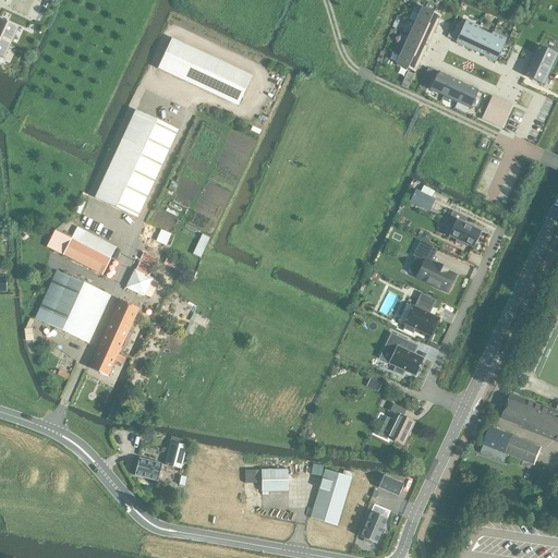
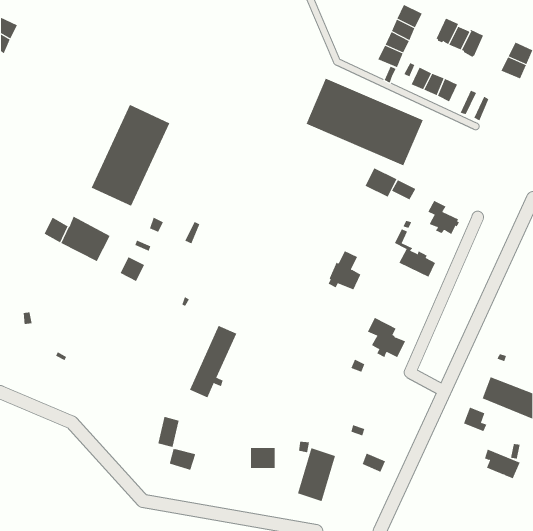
building: [157,37,252,105] -> none
building: none -> [306,78,423,166]
building: none -> [365,167,397,198]
building: [35,269,110,341] -> none
building: [403,292,438,333] -> [328,250,361,290]
building: [88,298,138,374] -> [189,325,237,398]
building: [386,402,414,442] -> none
building: [504,432,542,463] -> [484,449,521,479]
building: [134,456,162,480] -> [169,448,196,470]
building: [362,510,389,543] -> none

